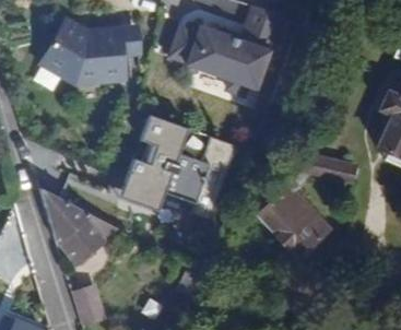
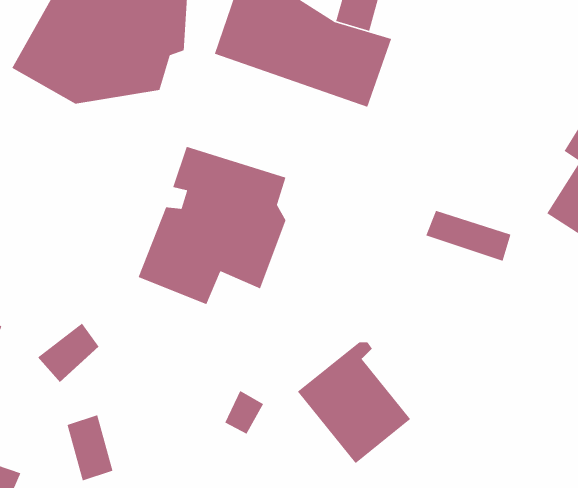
building: [256,182,328,260] -> [297,341,411,464]
building: [39,190,95,247] -> none

